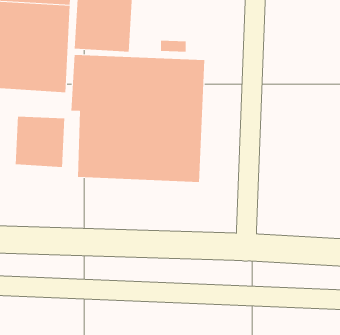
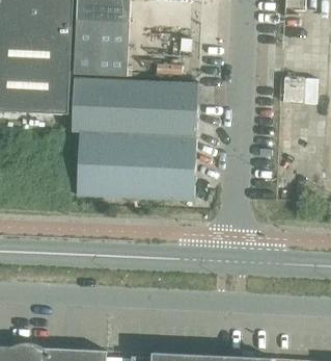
building: [15,116,65,168] -> none

